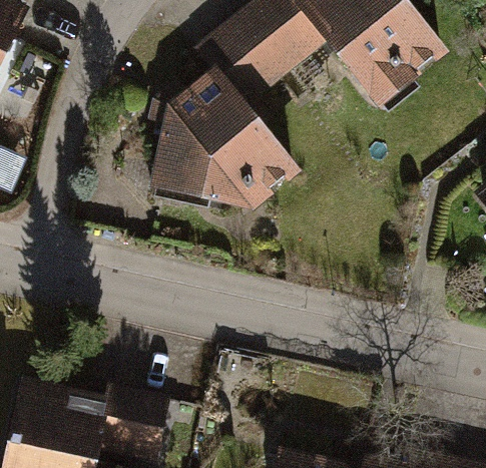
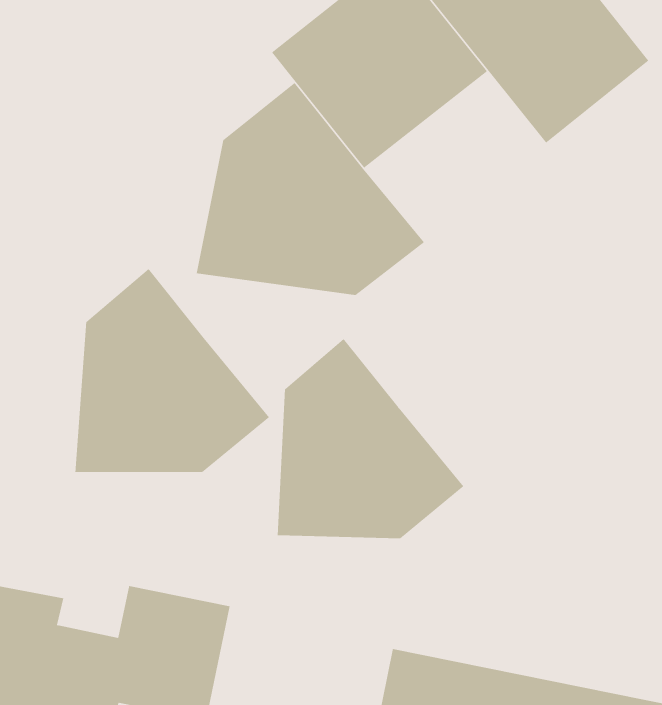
building: none -> [75,268,270,473]
building: none -> [277,338,464,539]

